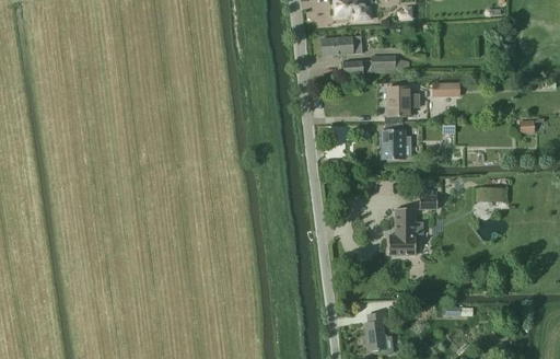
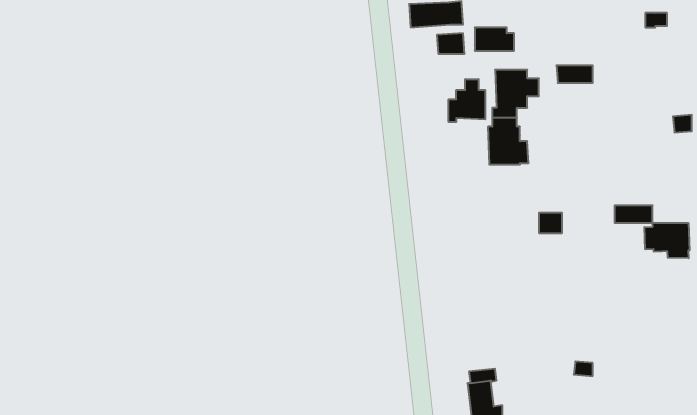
building: none -> [449,79,485,122]
building: none -> [644,223,690,258]
building: [388,207,415,254] -> none

